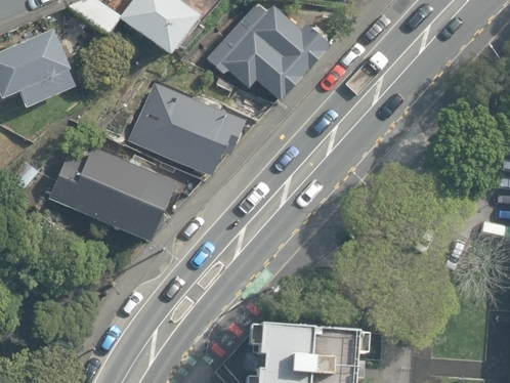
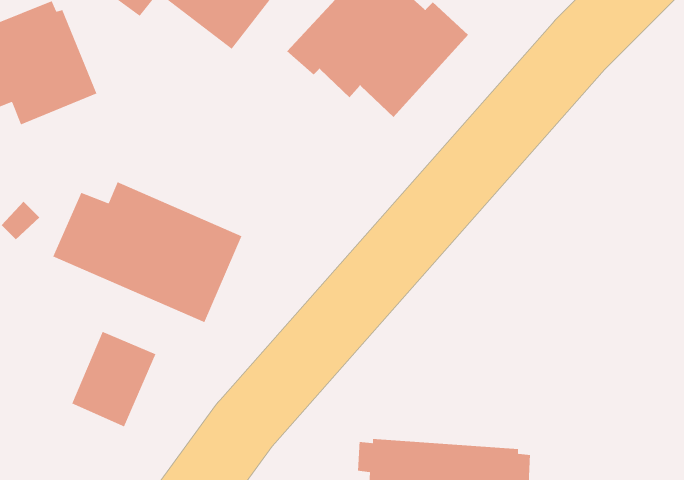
building: [129,82,246,176] -> none
building: none -> [71,331,157,428]

